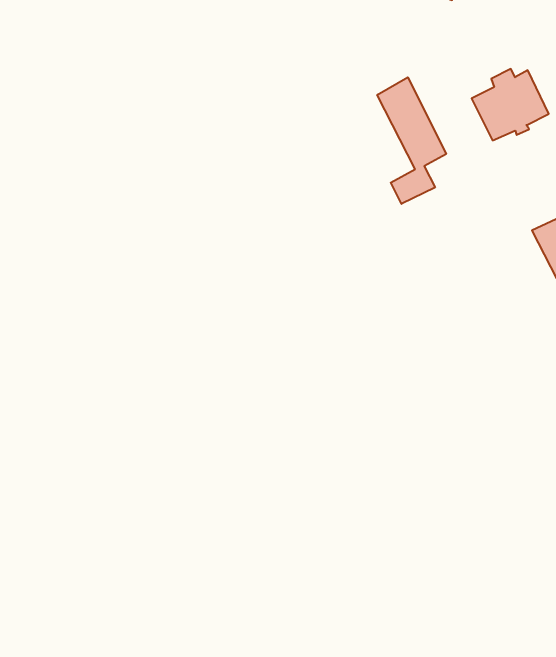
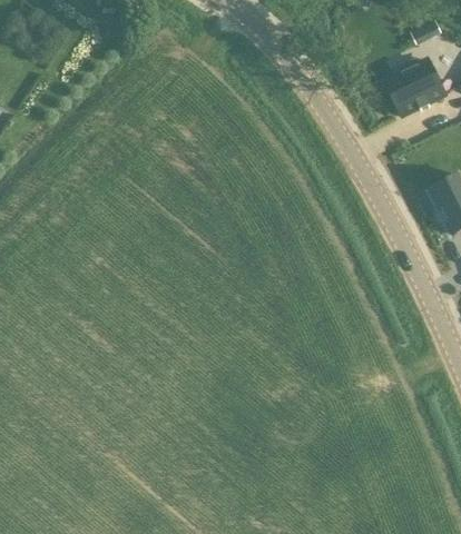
building: [377,77,446,204] -> none

